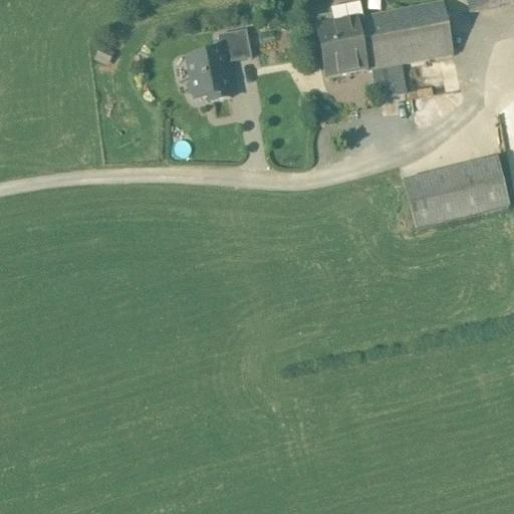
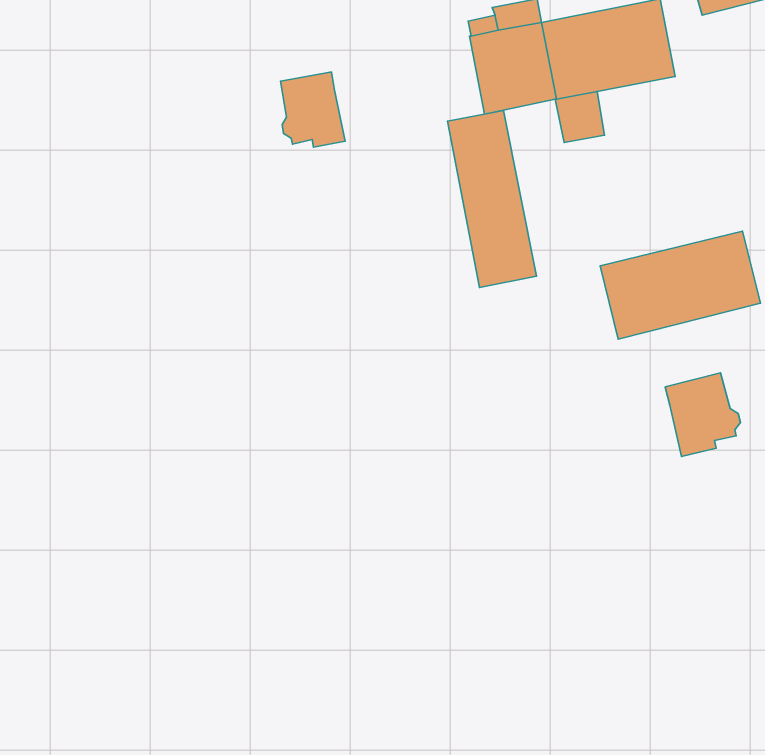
building: [219,27,253,60] -> none
building: none -> [448,110,536,288]
building: none -> [665,373,741,456]

